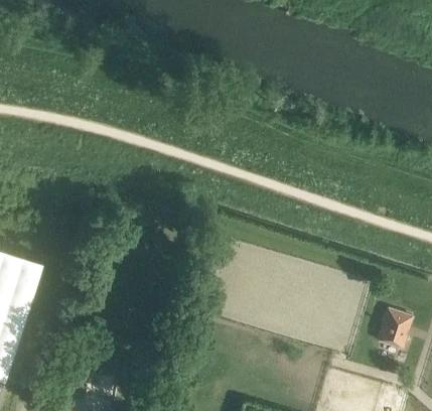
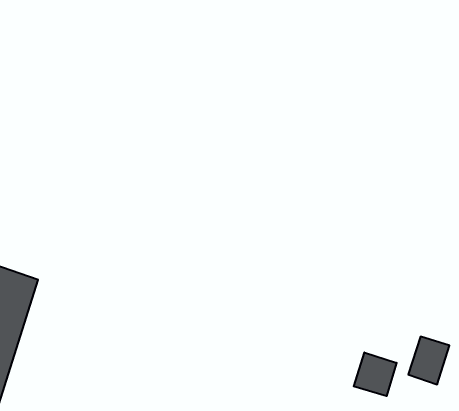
building: none -> [354,352,397,396]

